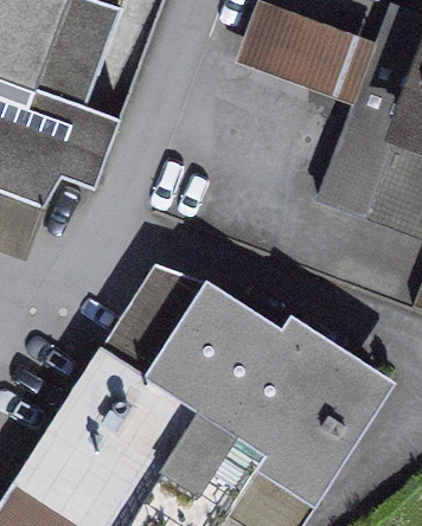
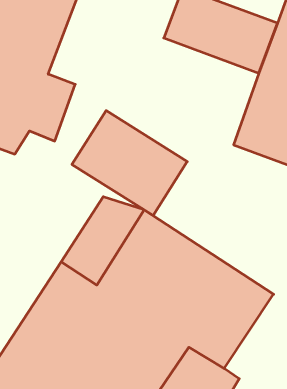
building: none -> [72,111,187,215]

